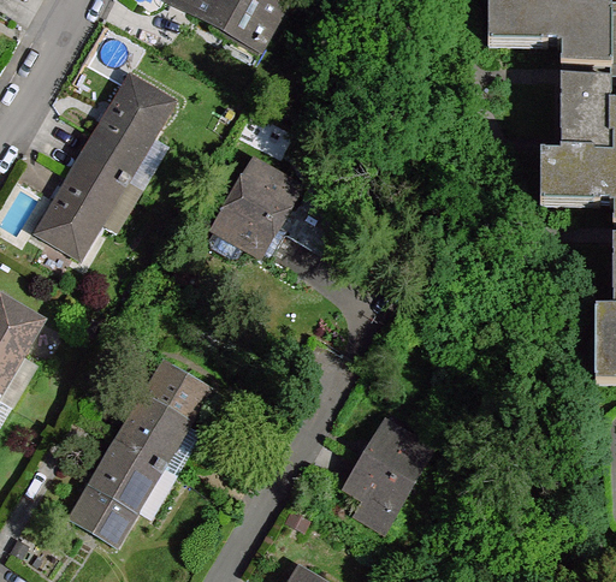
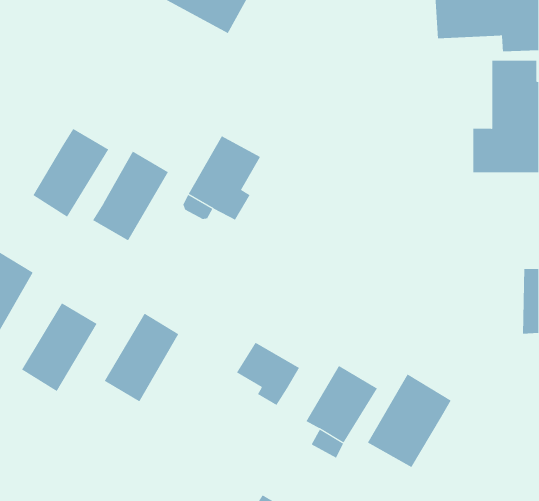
building: [87,75,173,177] -> [92,151,169,241]
building: none -> [236,342,300,406]
building: none -> [367,374,452,468]
building: [76,439,162,540] -> [21,303,98,392]

